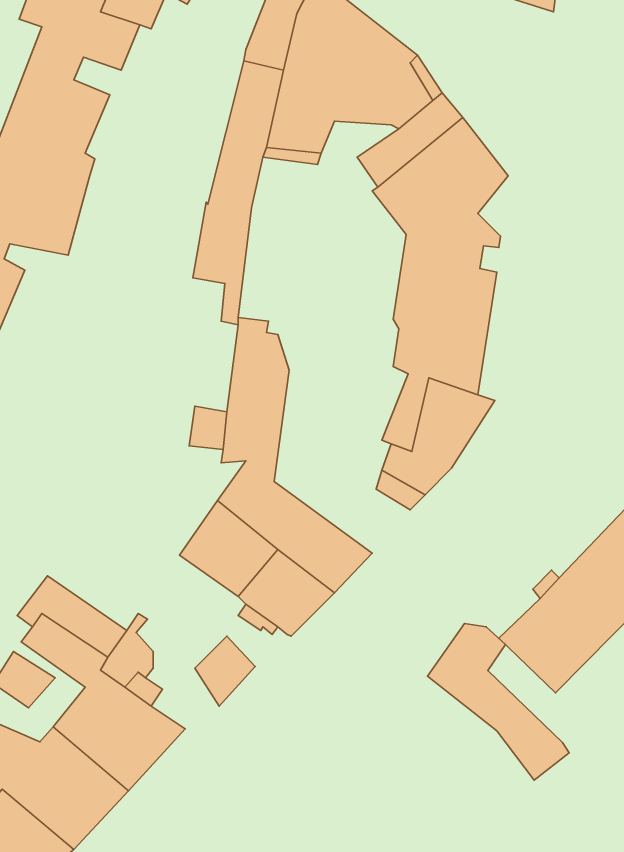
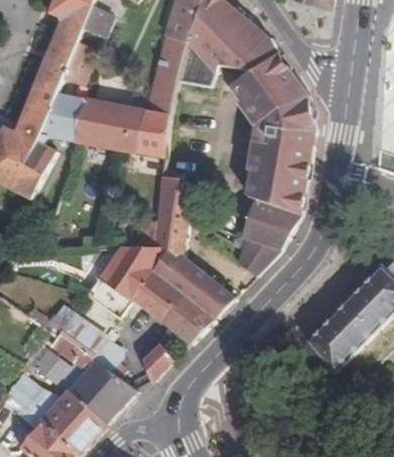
building: none -> [74,96,147,149]
building: none -> [84,247,168,317]
building: [428,623,569,780] -> none

